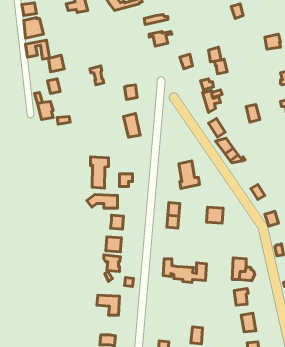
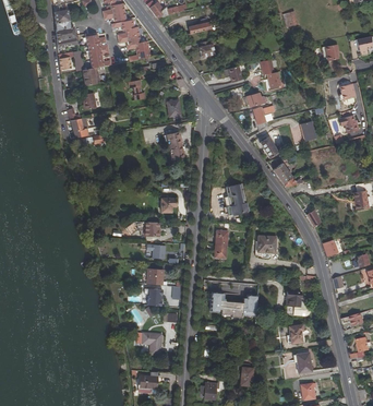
building: none -> [112,19,151,61]
building: none -> [85,34,112,68]
building: [90,157,109,188] -> none

